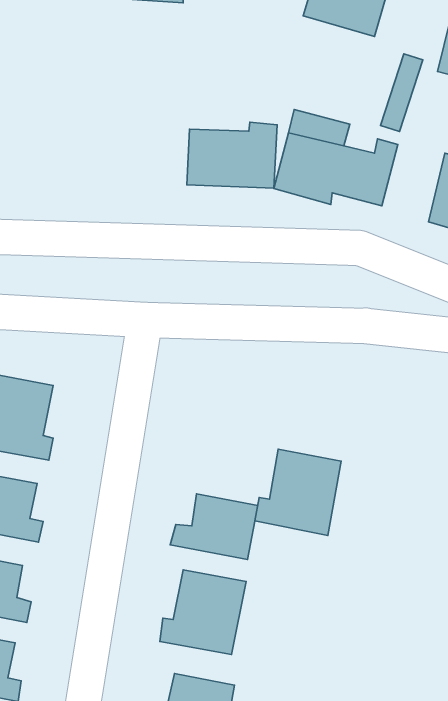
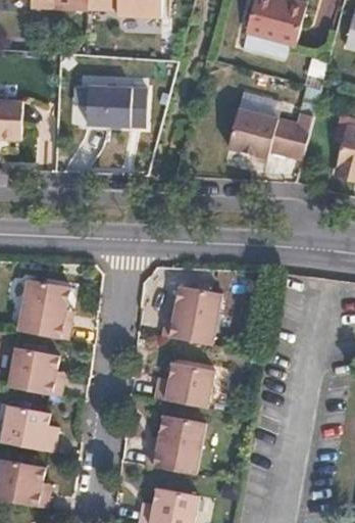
building: none -> [88,85,134,127]
building: [187,122,277,188] -> none
building: [255,449,341,536] -> [162,285,222,345]

